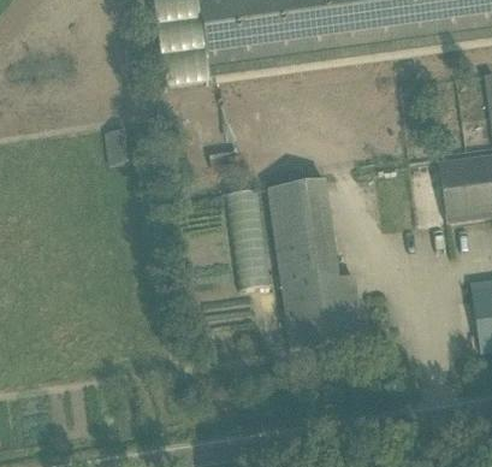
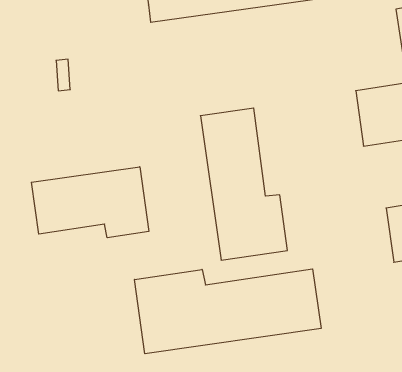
building: none -> [31,167,149,238]
building: none -> [135,269,321,354]

